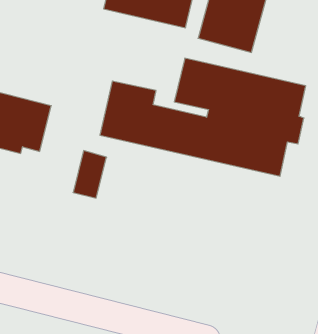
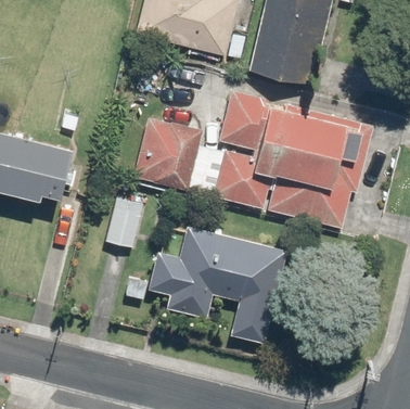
building: none -> [151,228,285,343]

